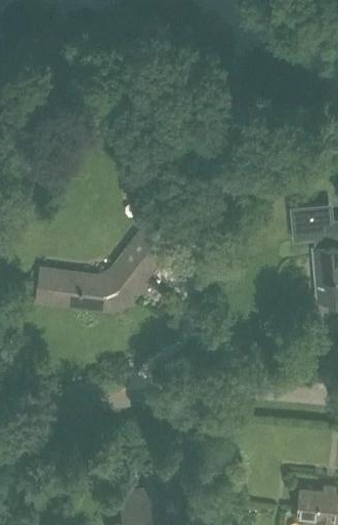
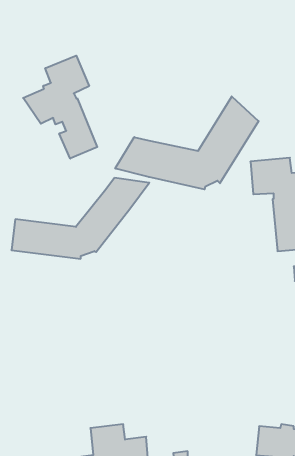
building: none -> [23,56,97,159]
building: none -> [115,96,259,189]

